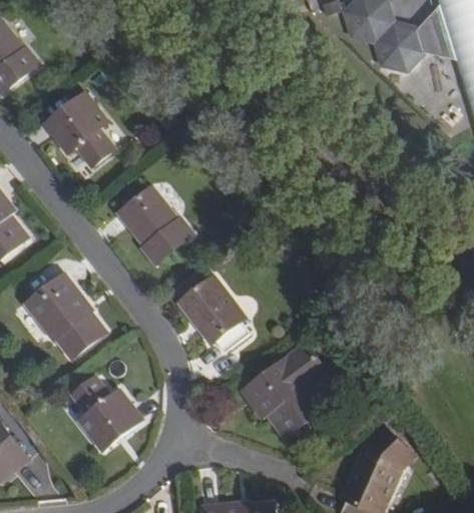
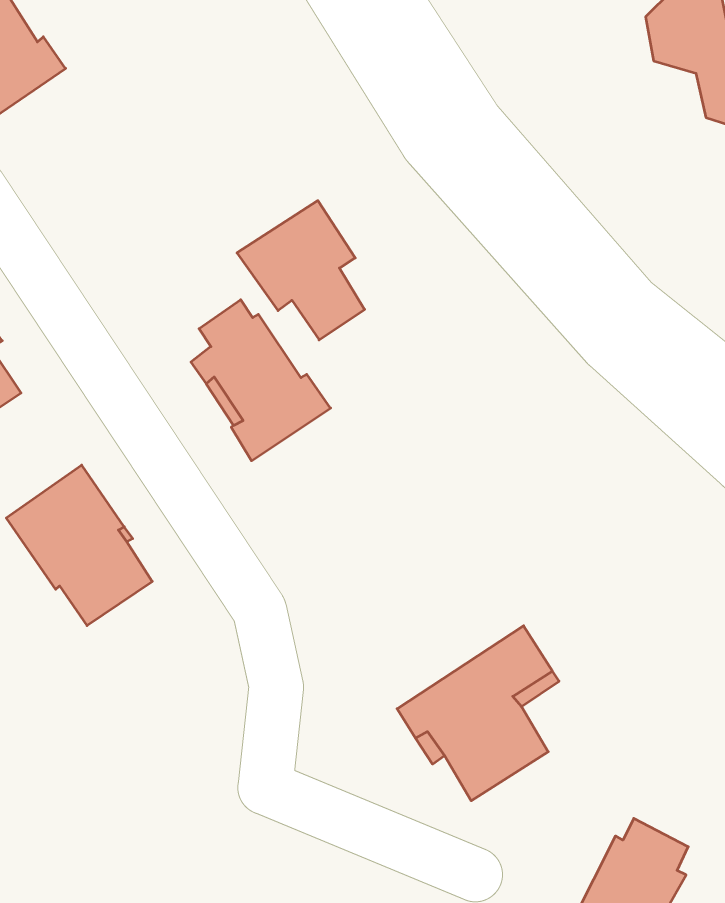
building: [45,93,115,167] -> [237,201,365,340]
building: [174,268,251,352] -> none
building: [67,370,142,451] -> none

